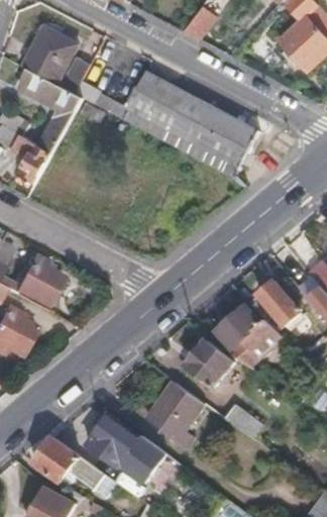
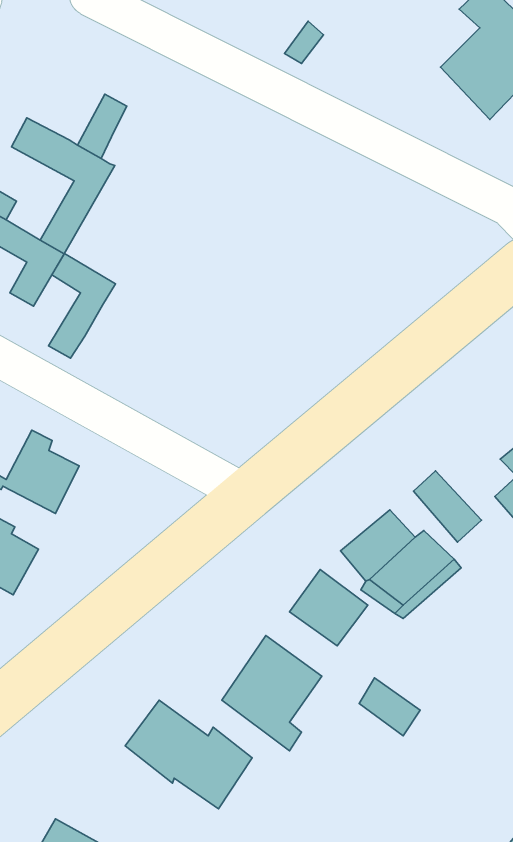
building: [21,30,77,84] -> none
building: [93,74,258,178] -> none
building: none -> [48,254,116,358]
building: [34,434,103,485] -> none

